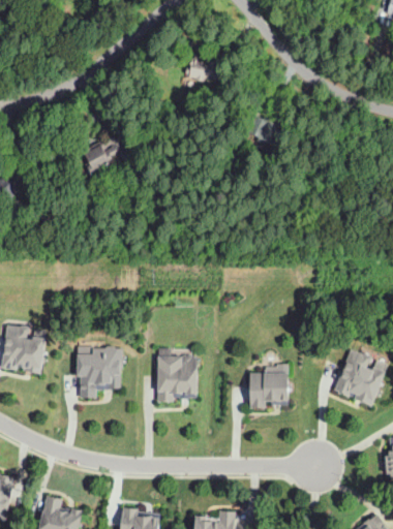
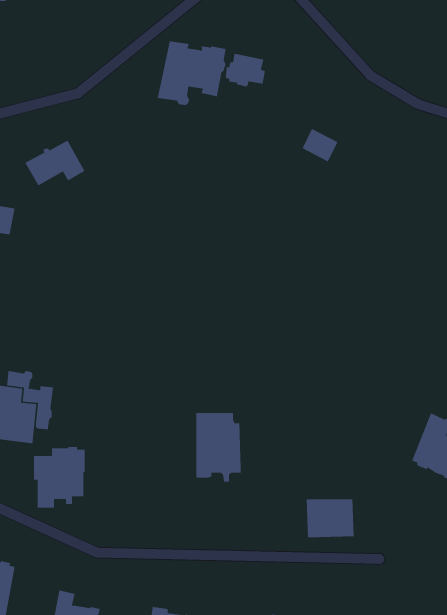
building: none -> [157,40,227,106]
building: [82,136,131,175] -> [24,139,86,187]
building: [78,347,120,398] -> [33,446,85,509]
building: [247,374,286,406] -> [306,499,355,538]

